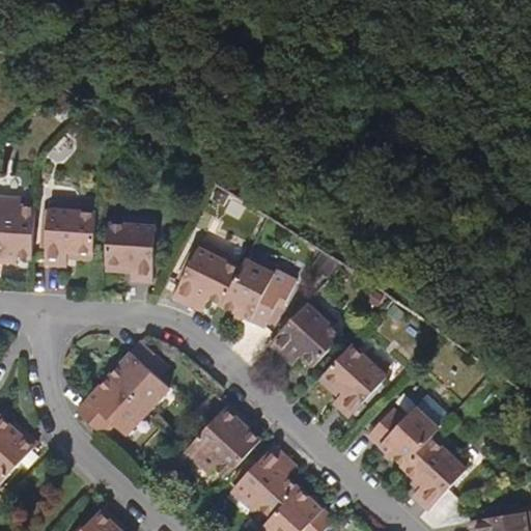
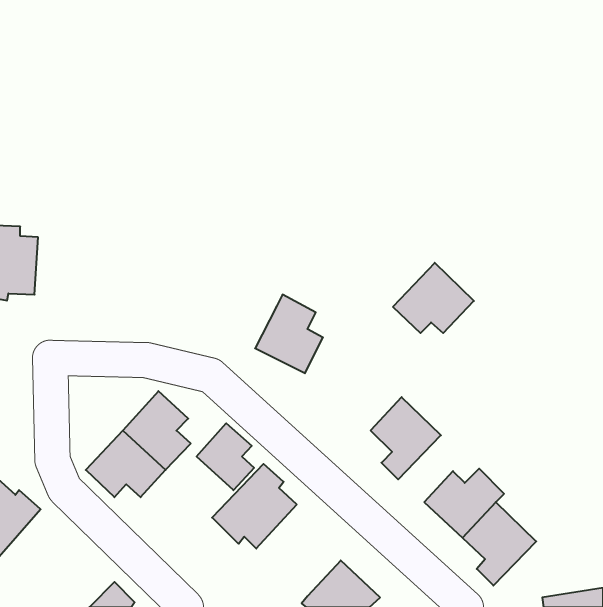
building: [46,209,95,264] -> none
building: [106,222,157,280] -> none
building: [173,245,241,309] -> none
building: [269,304,339,365] -> [393,263,474,333]
building: none -> [197,423,254,490]
building: [233,446,297,519] -> none

